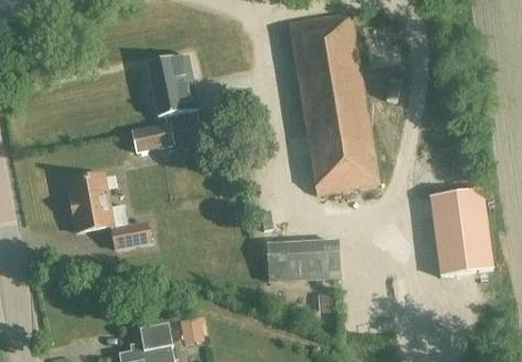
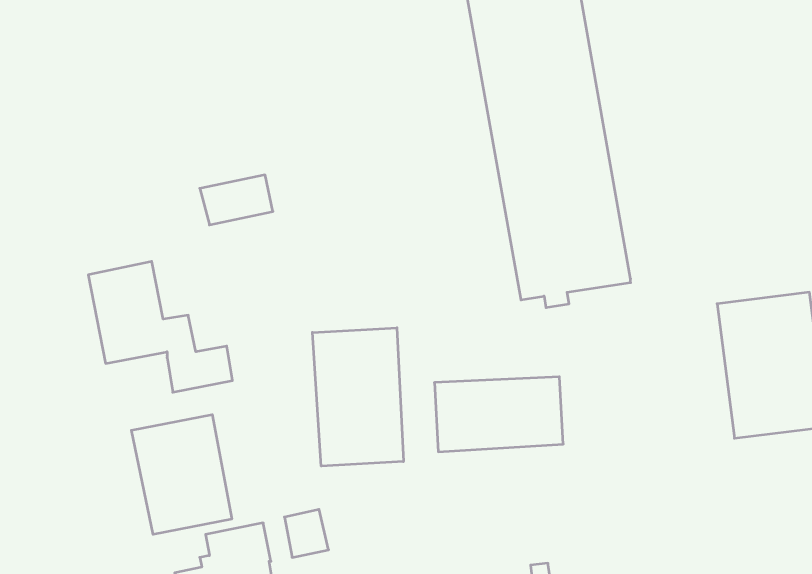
building: [149,53,199,114] -> none
building: none -> [312,328,403,466]
building: none -> [131,415,232,534]

